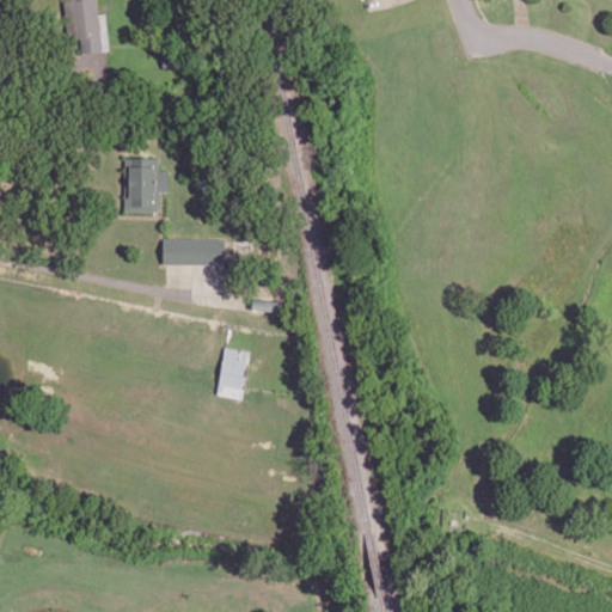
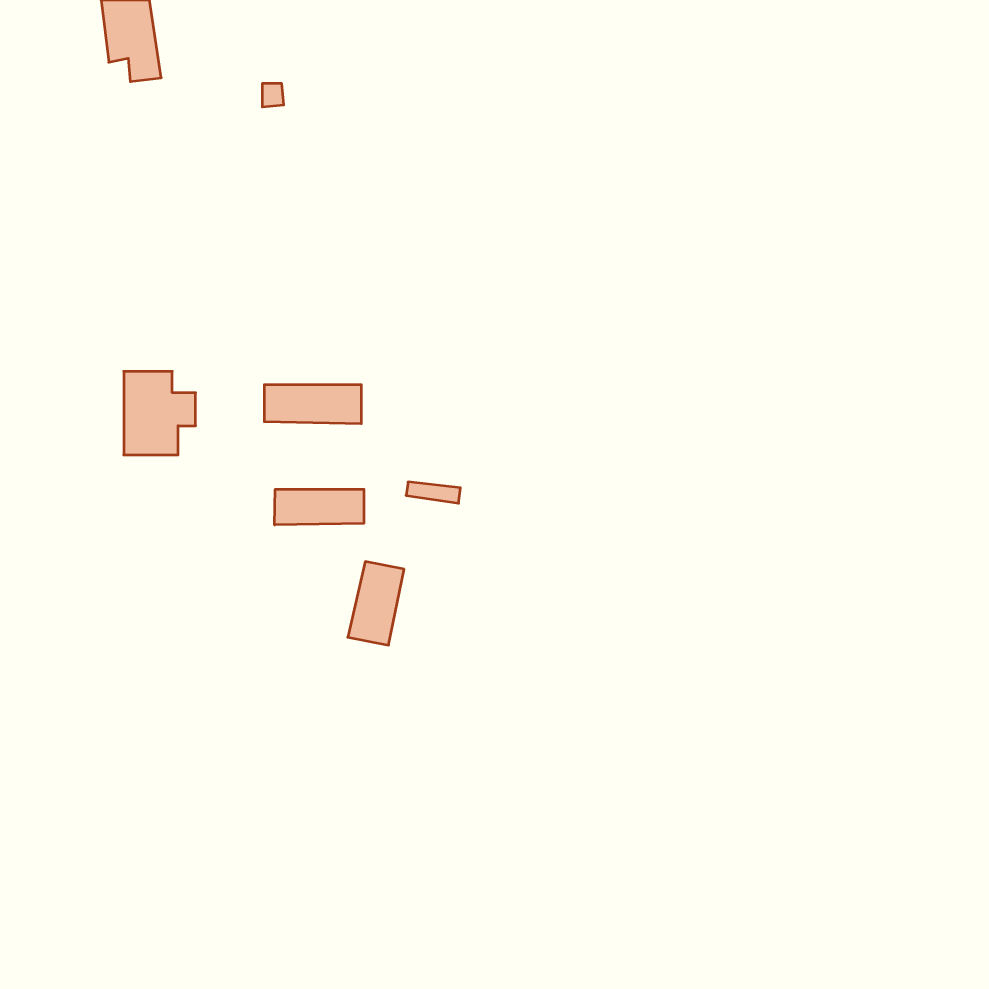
building: [124,159,169,210] -> [124,371,196,455]
building: none -> [275,489,364,525]

